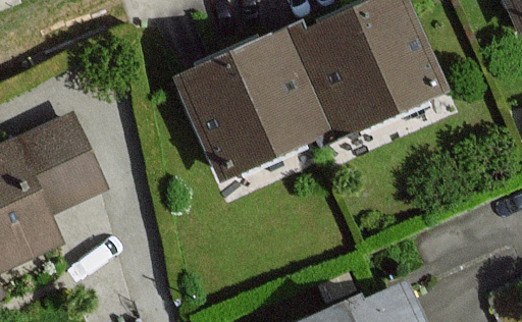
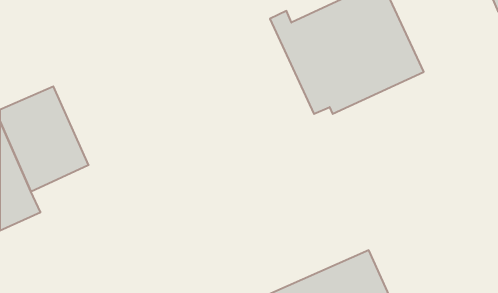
building: [179,37,328,183] -> none

